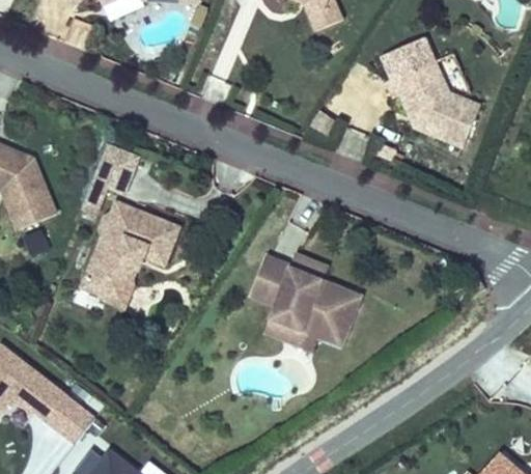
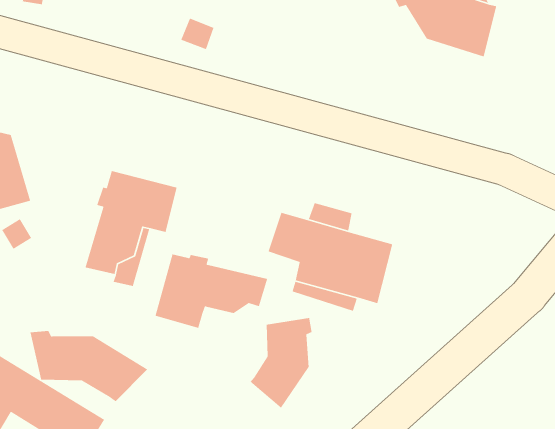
building: none -> [154,253,268,329]
building: none -> [30,330,148,402]
building: none -> [249,317,313,409]

